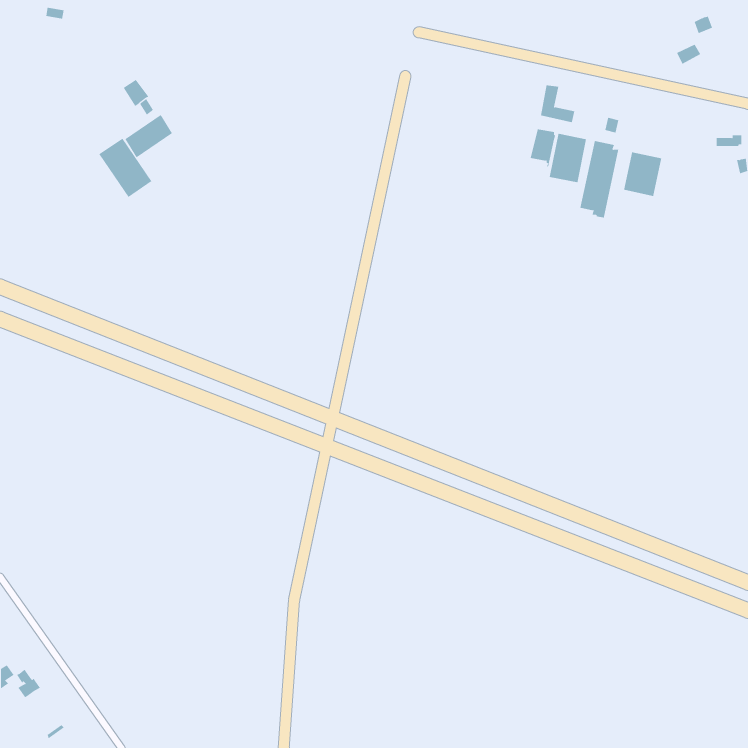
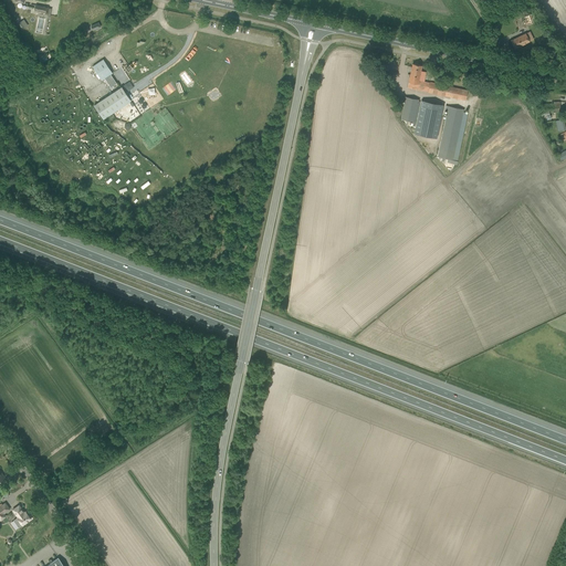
building: [99,138,152,198] -> none
building: [624,151,662,197] -> none

